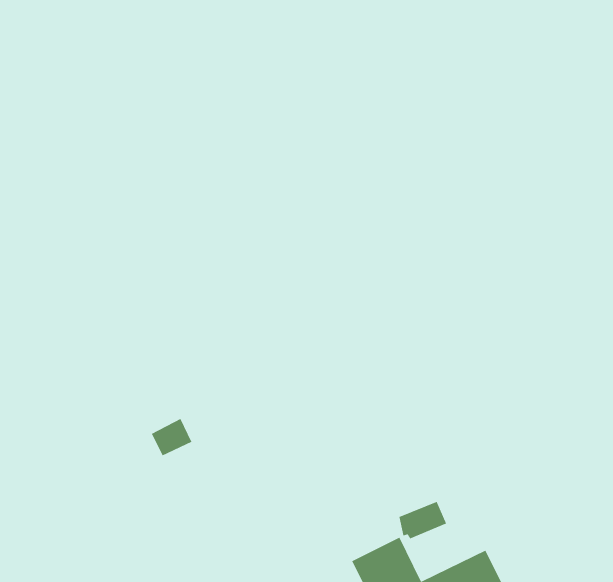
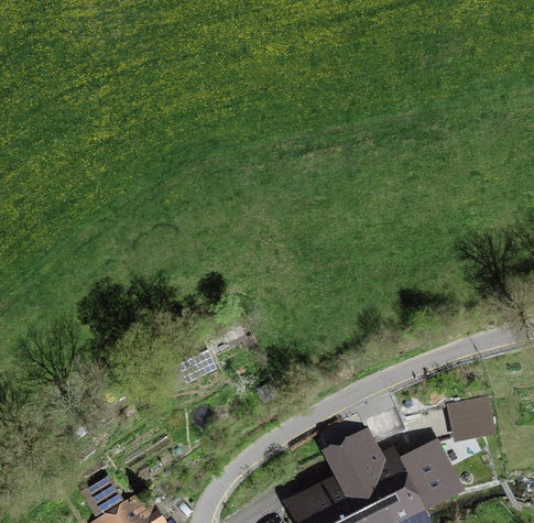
building: none -> [448,404,487,440]

